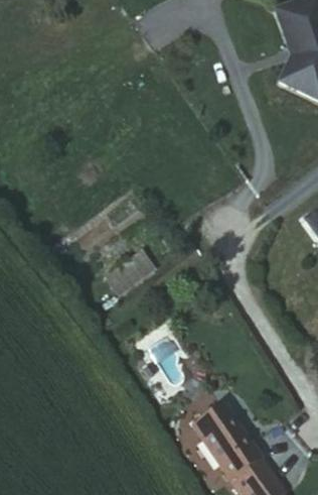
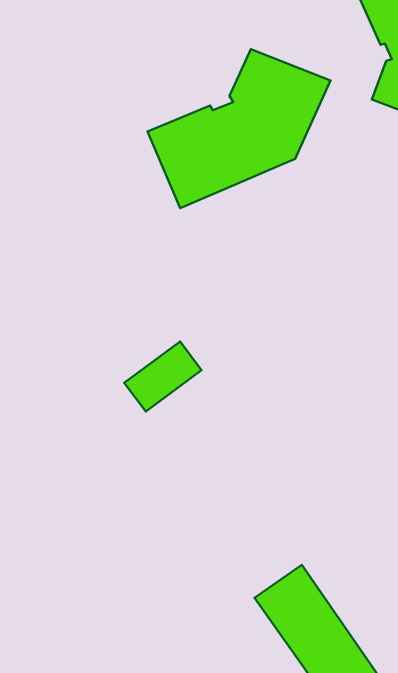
building: none -> [147,49,331,208]

